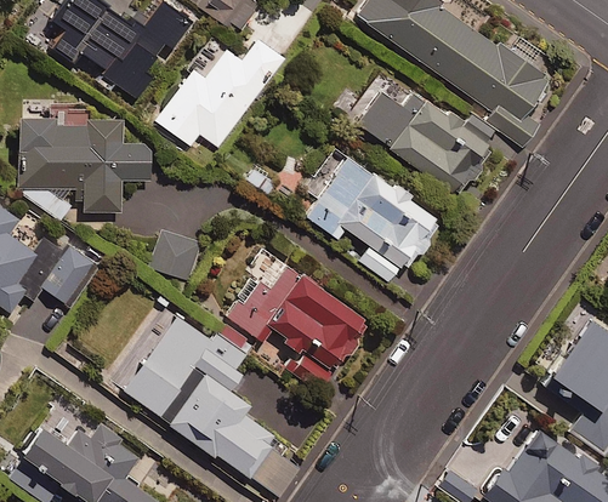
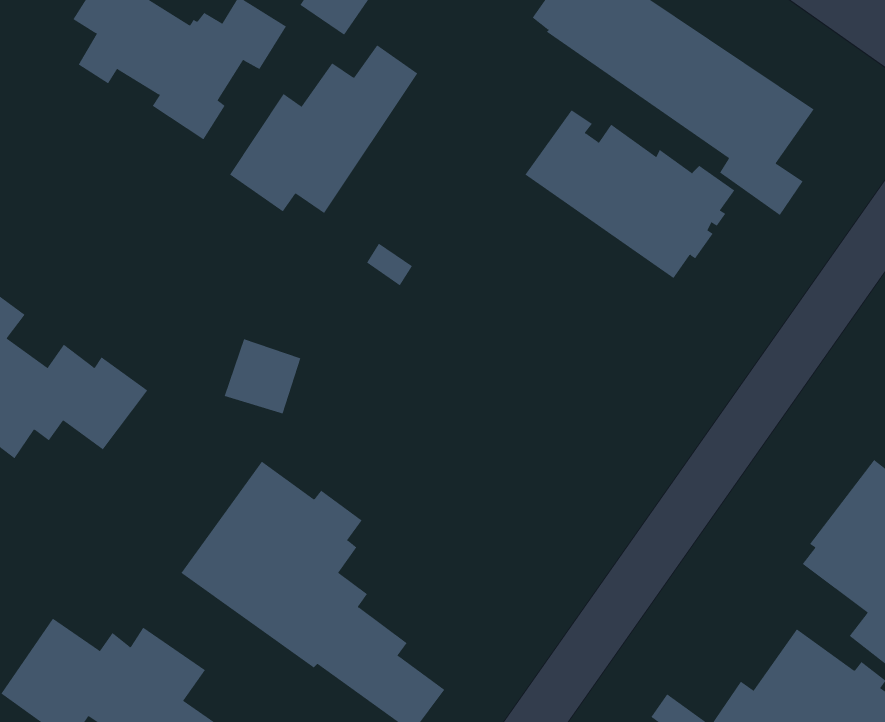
building: [16,112,150,213] -> none
building: [307,149,442,281] -> none
building: [228,255,368,383] -> none

